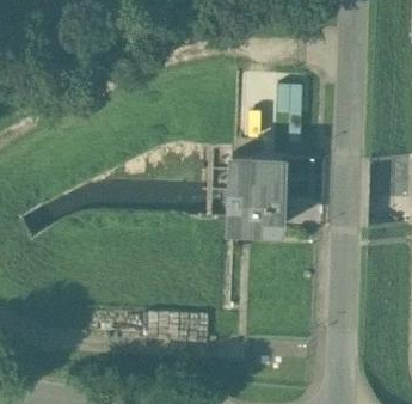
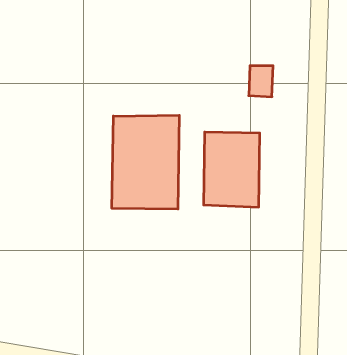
building: none -> [112,115,179,209]

